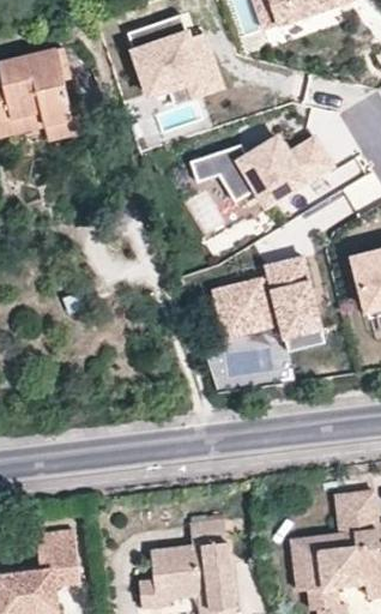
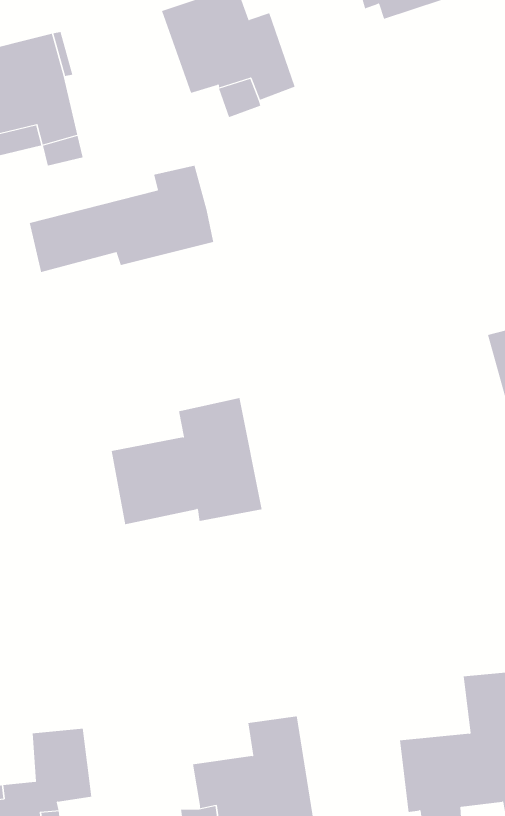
building: [190,136,331,203] -> none
building: none -> [29,165,214,273]
building: [211,255,316,344] -> [111,397,263,525]

